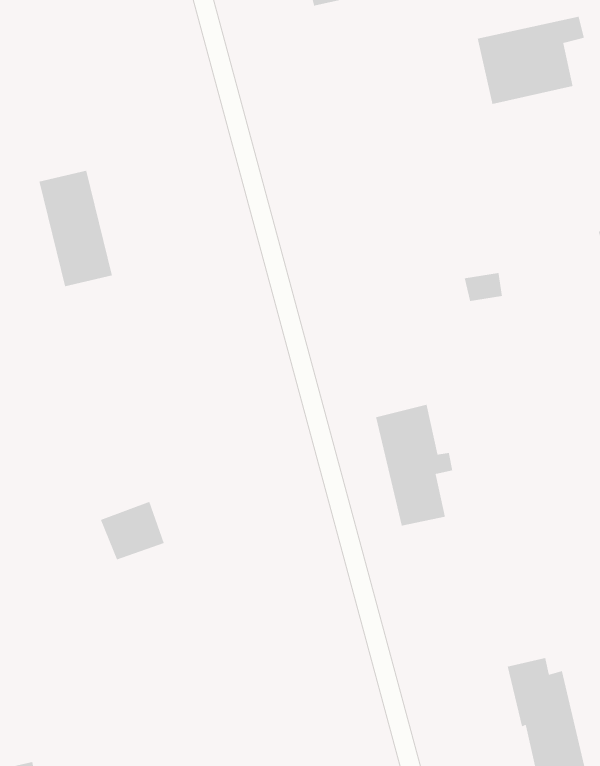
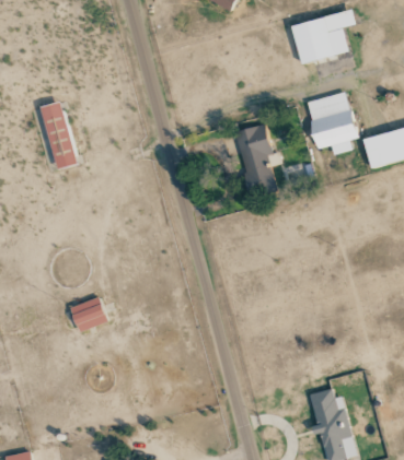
building: none -> [305,92,357,154]
building: [375,404,453,526] -> [234,123,280,196]

